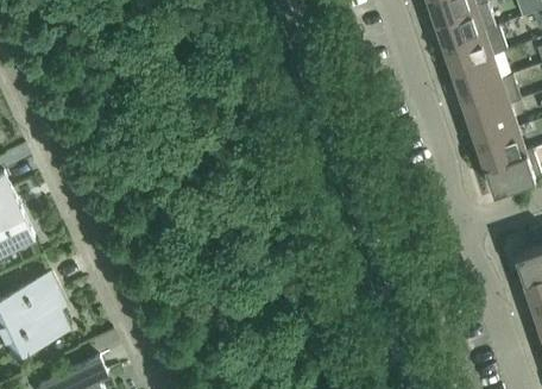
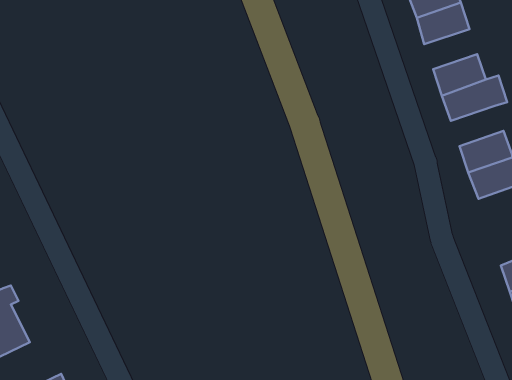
building: [442,26,506,70] -> none
building: [467,105,517,143] -> none

